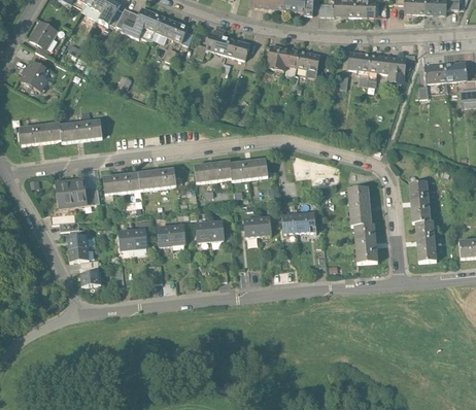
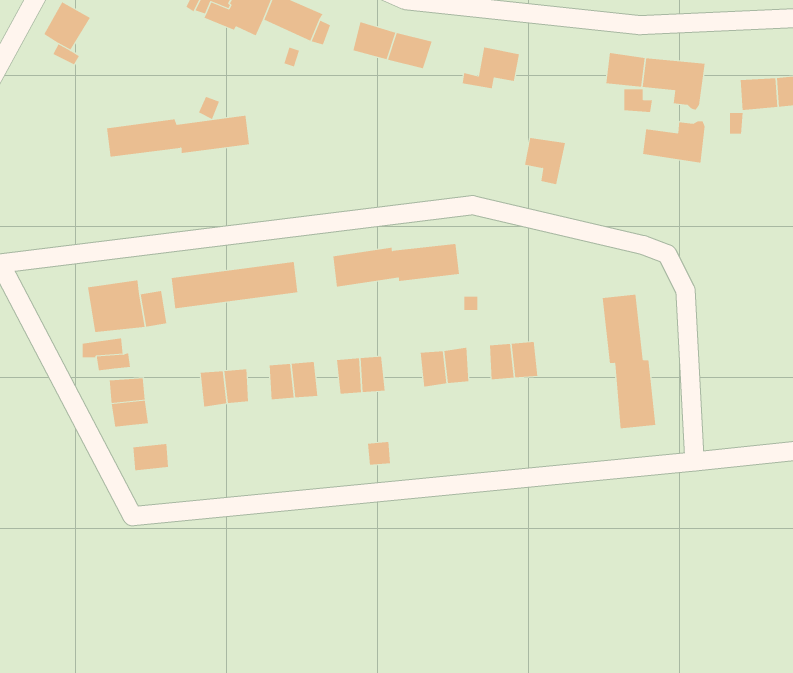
building: [297,50,320,77] -> [524,137,566,185]
building: [21,61,48,91] -> none
building: none -> [643,120,705,163]
building: [20,121,101,144] -> [106,115,250,157]
building: [408,180,436,262] -> none

